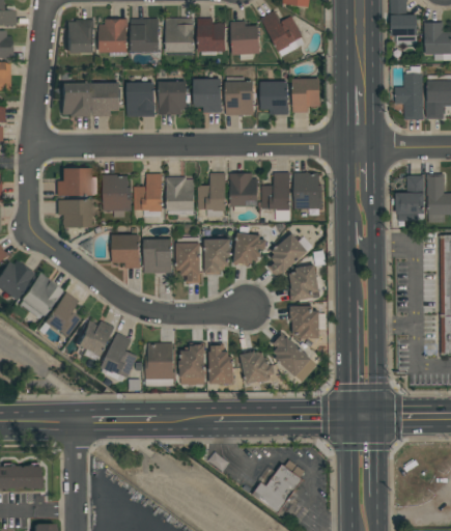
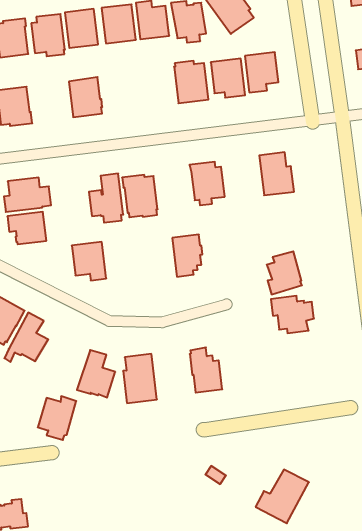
building: [92,79,119,116] -> none
building: [194,79,222,112] -> none
building: [158,82,187,115] -> none
building: [198,173,226,217] -> none
building: [261,173,290,222] -> none
building: [103,174,132,218] -> none
building: [234,226,267,266] -> none
building: [267,233,308,278] -> none
building: [176,237,201,283] -> none
building: [144,240,172,274] -> none
building: [76,320,114,361] -> [38,396,76,440]
building: [272,332,317,383] -> none
building: [179,342,205,385] -> none
building: [241,352,275,385] -> none

